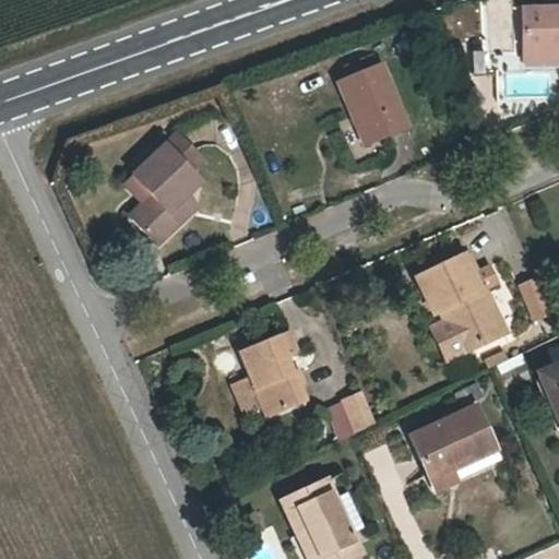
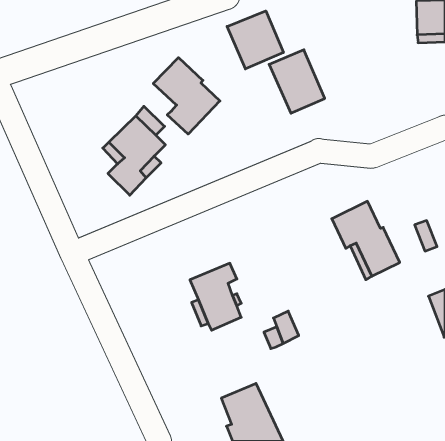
building: none -> [227,11,283,69]
building: none -> [153,58,220,134]
building: [407,405,495,488] -> none

